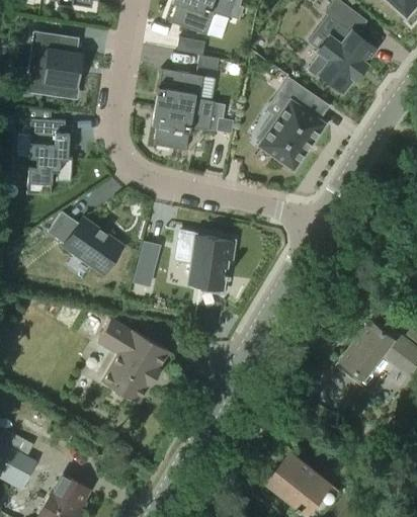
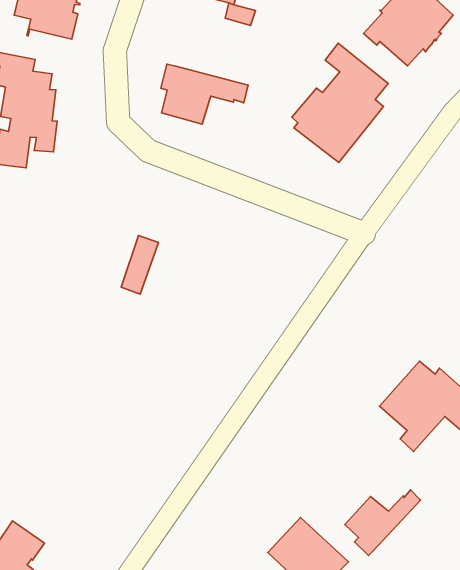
building: [155,69,226,118] -> none
building: [49,211,123,273] -> none
building: [170,234,230,288] -> none
building: [98,319,168,402] -> none
building: none -> [345,490,421,556]

